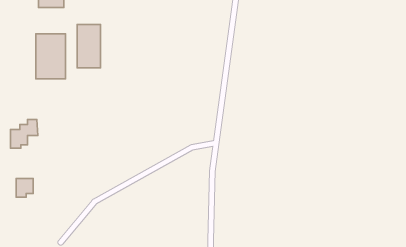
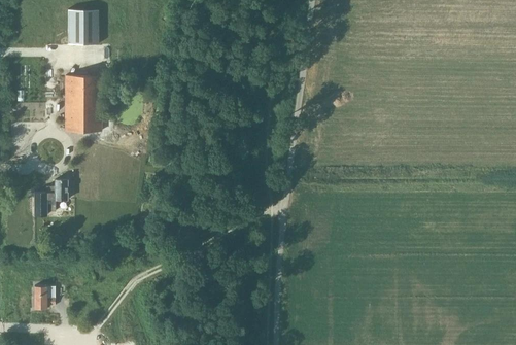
building: [77,25,101,68] -> none
building: [16,178,33,197] -> [34,286,55,309]

